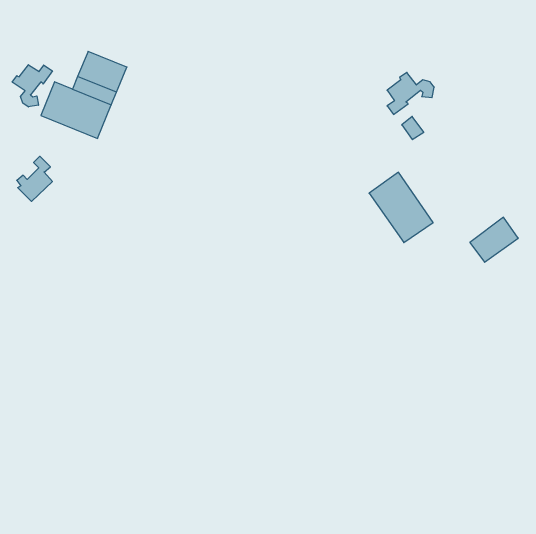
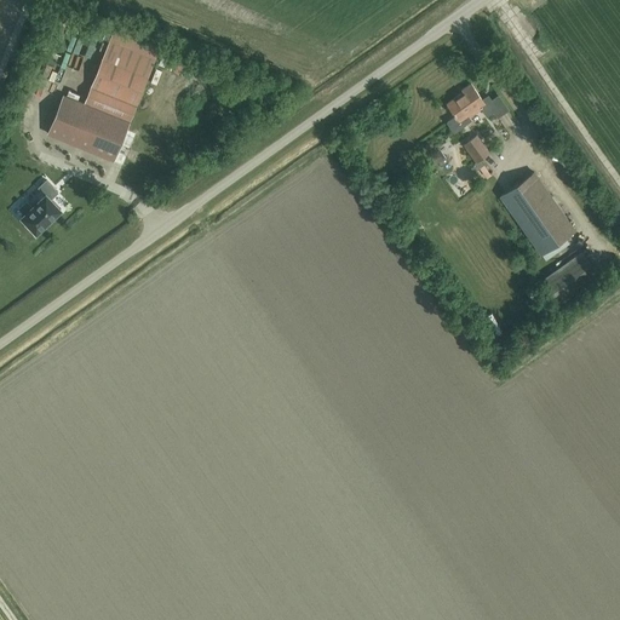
building: none -> [102,28,160,80]
building: [12,65,52,107] -> none
building: [369,172,433,243] -> [500,174,574,256]

